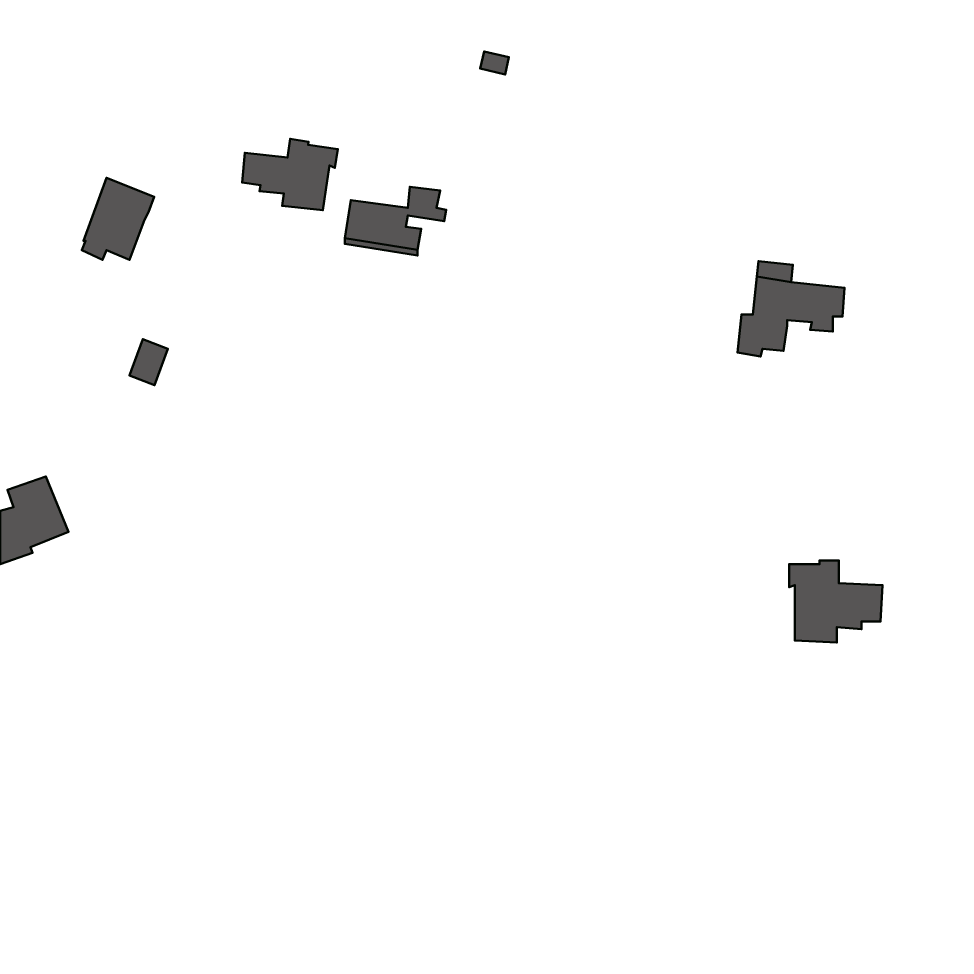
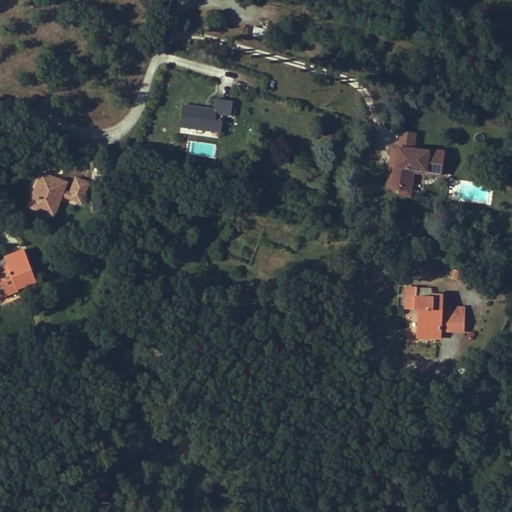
building: [242,139,338,210] -> none
building: [82,178,154,260] -> [28,173,66,216]

